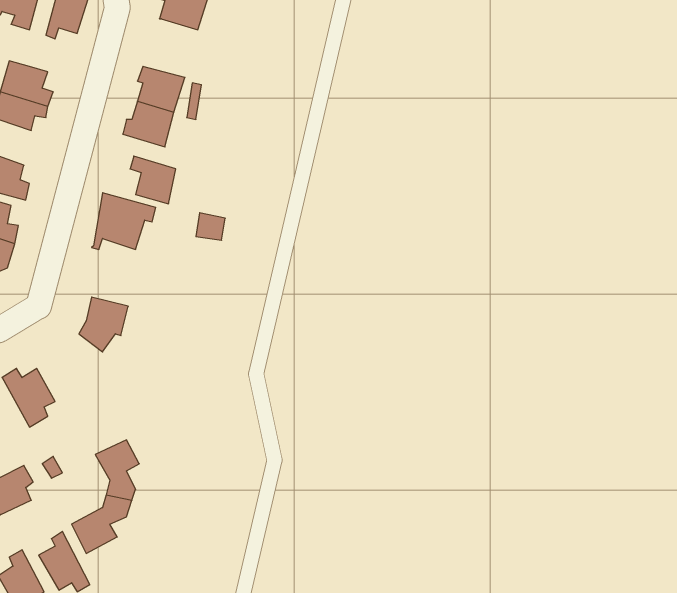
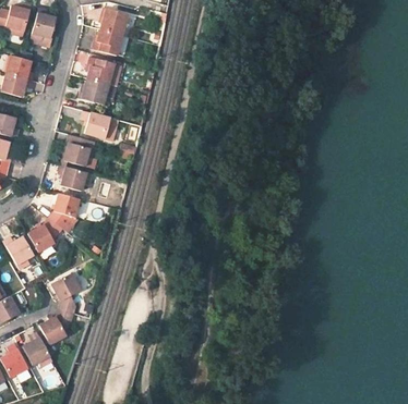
building: none -> [88,28,120,56]
building: none -> [56,164,91,192]
building: none -> [29,216,63,250]

